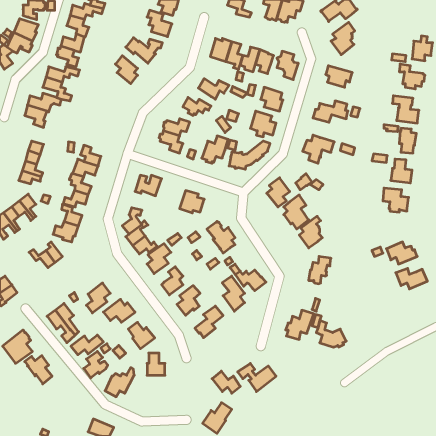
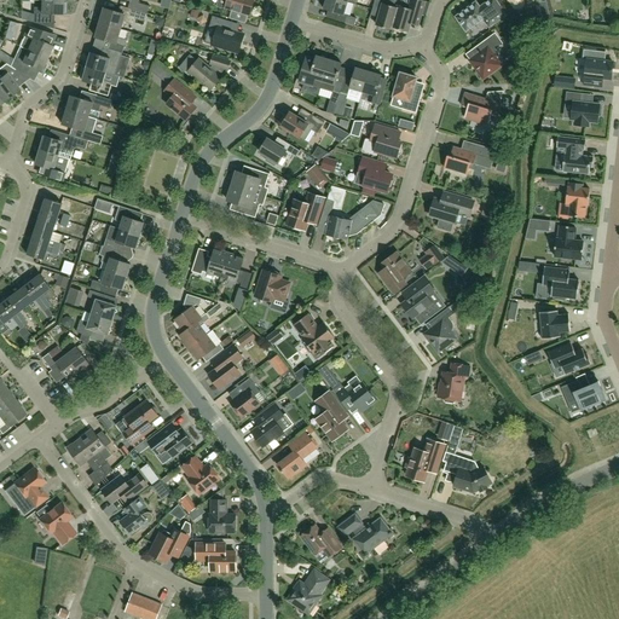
building: none -> [220,253,250,288]
building: none -> [539,310,569,339]
building: none -> [195,543,236,569]

